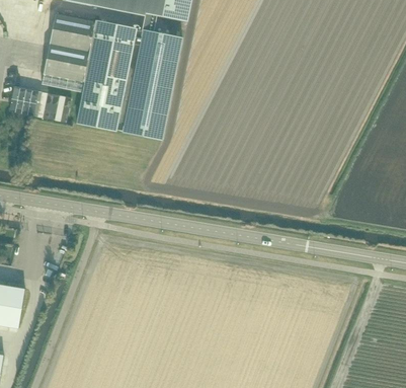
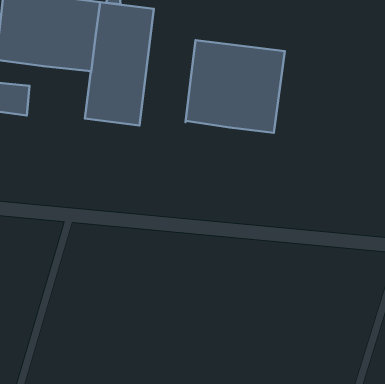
building: none -> [185,40,285,133]
building: [76,81,124,129] -> none

